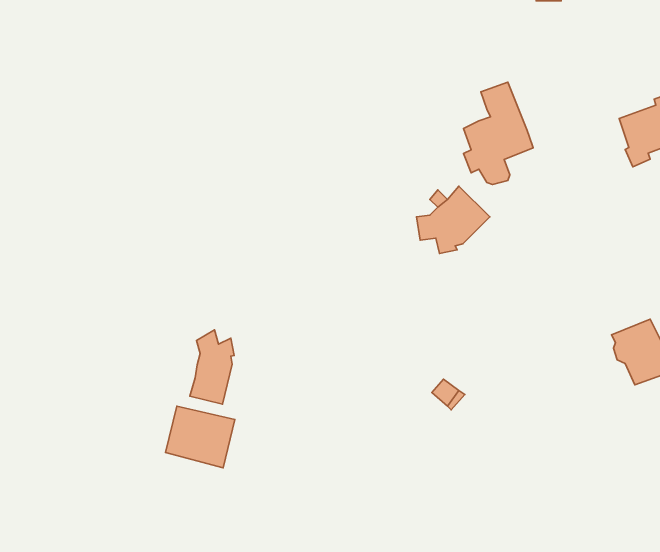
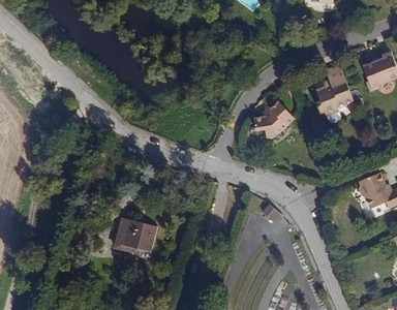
building: [463,82,533,185] -> [315,65,353,120]
building: [190,330,234,404] -> none

